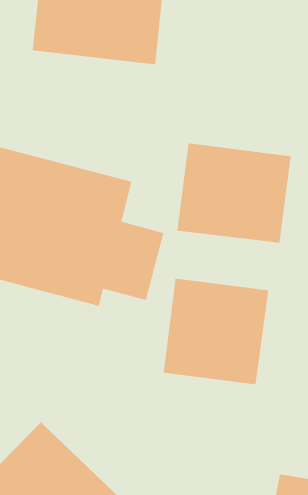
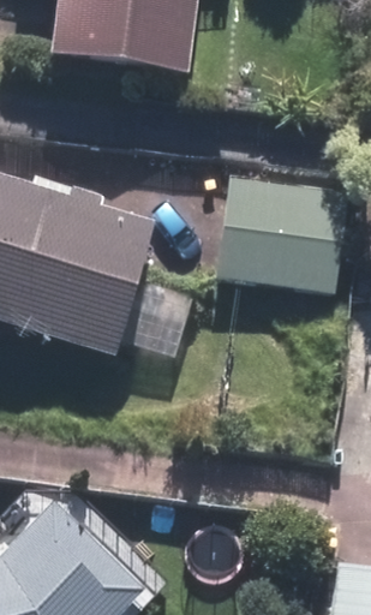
building: [163,278,269,385] -> none

